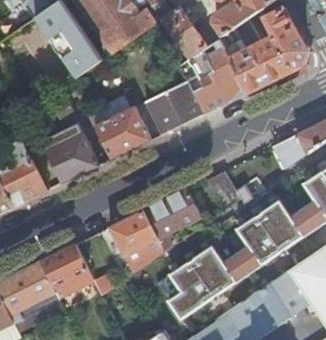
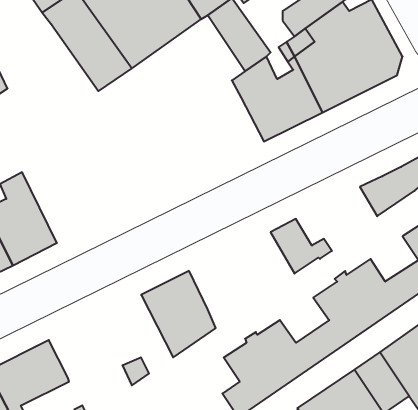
building: [145,80,201,131] -> none
building: [87,93,151,157] -> none
building: [39,105,97,182] -> none
building: [145,189,203,244] -> none
building: [40,244,94,290] -> none

